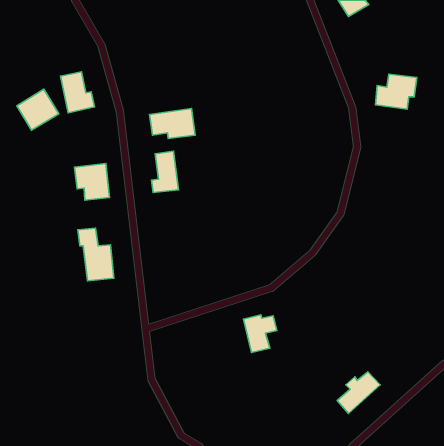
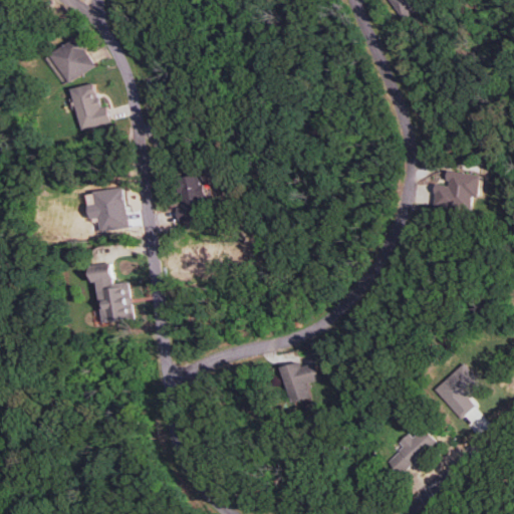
building: [376,74,417,109] -> [432,171,479,211]
building: [17,89,59,130] -> [45,37,93,84]
building: [150,109,195,139] -> none
building: none -> [433,363,481,419]

